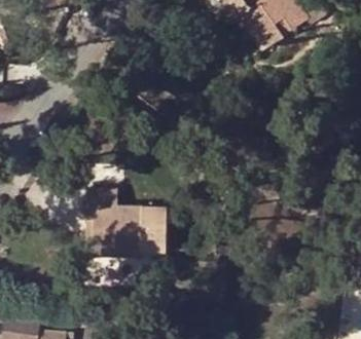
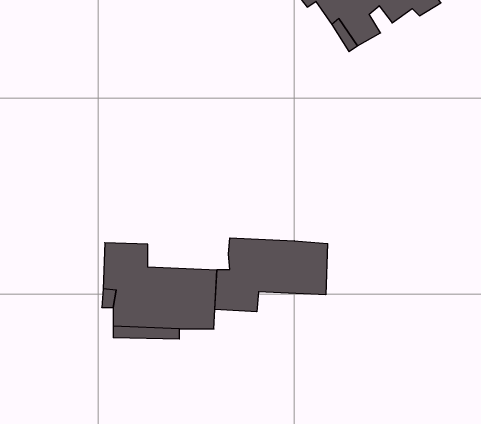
building: none -> [215,238,328,312]

